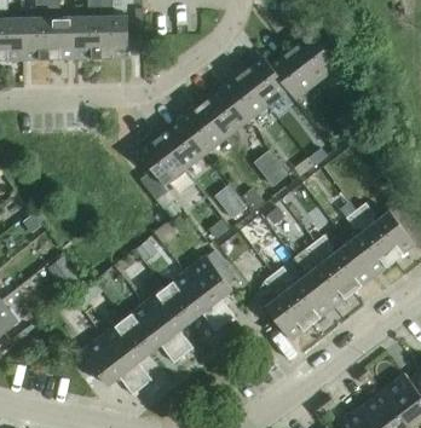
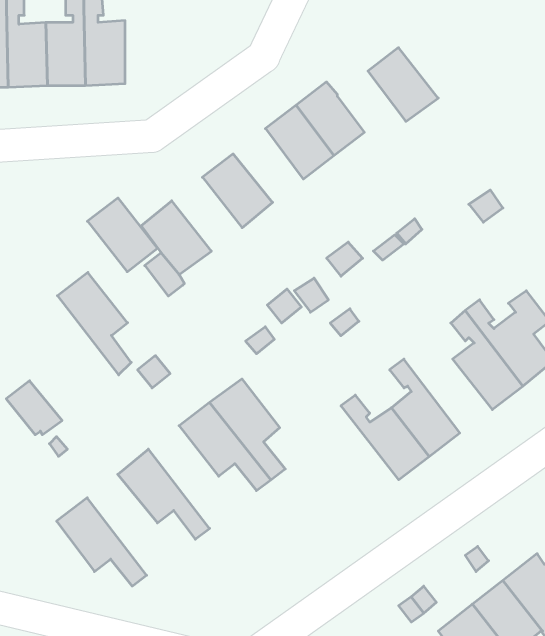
building: [270,48,316,99] -> none
building: [200,87,247,137] -> none
building: [158,120,206,169] -> [87,198,158,272]
building: [304,221,374,291] -> none
building: [263,273,311,340] -> none
building: [143,287,192,355] -> [57,272,131,375]
building: [102,319,151,387] -> none

